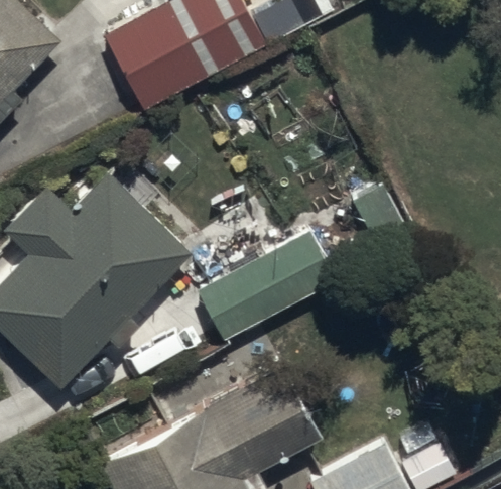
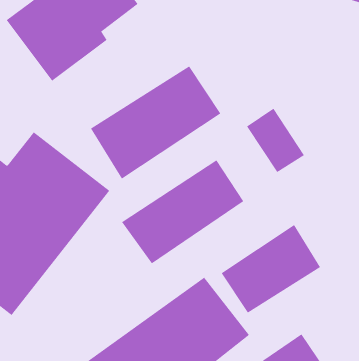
building: none -> [90,65,221,180]
building: none -> [221,224,321,314]

